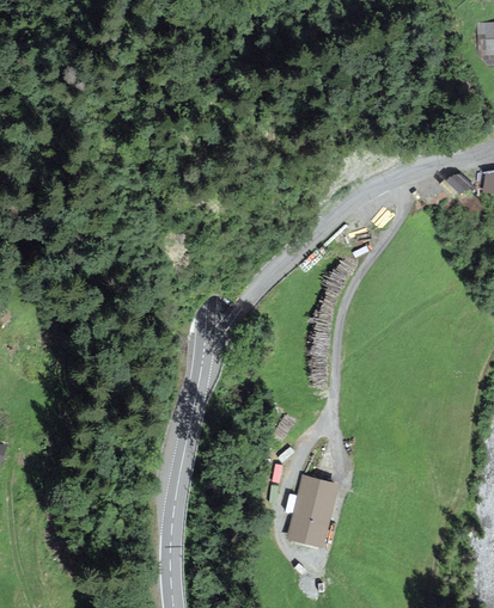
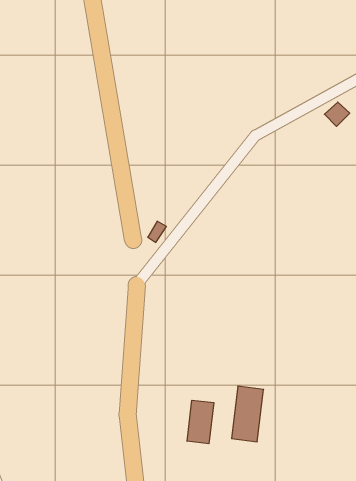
building: none -> [187,400,214,444]

